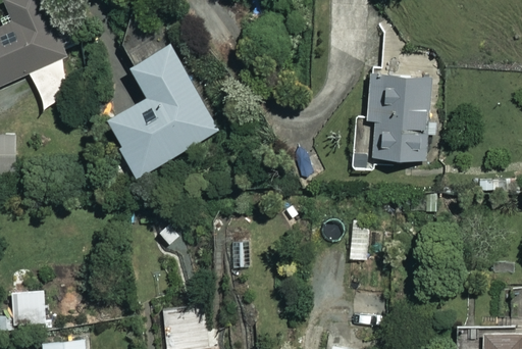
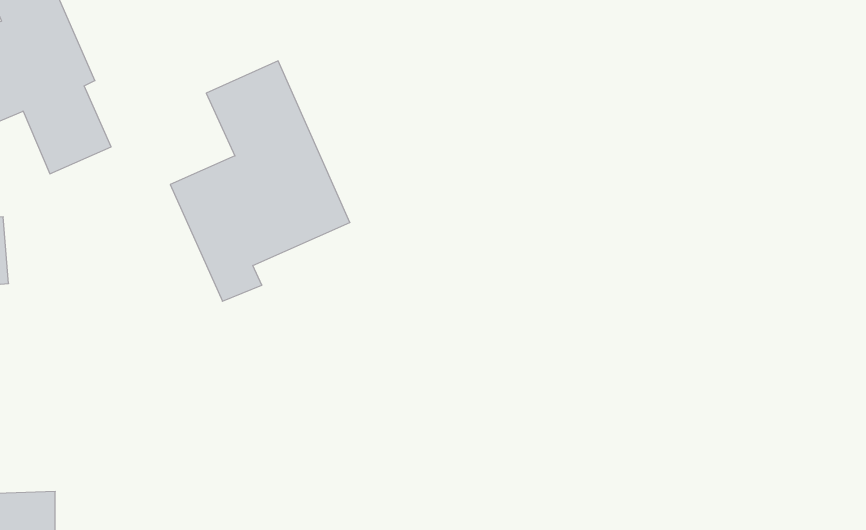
building: [366,74,428,160] -> none

